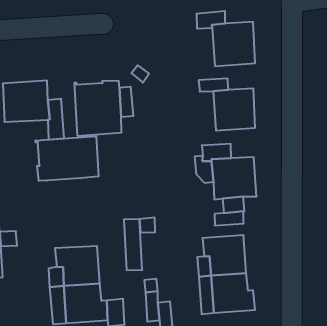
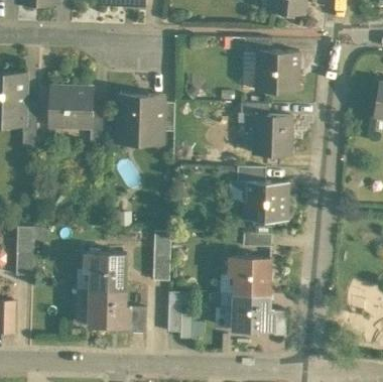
building: [36,136,98,181] -> none

